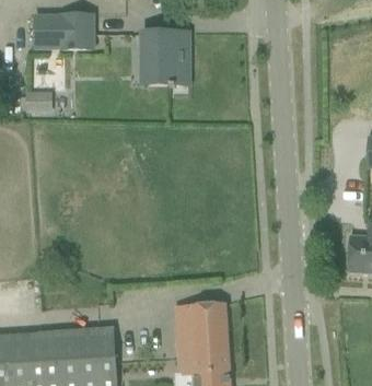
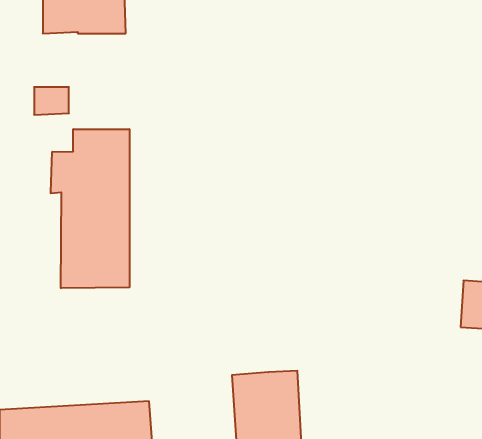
building: [141,31,188,84] -> none
building: none -> [51,129,129,288]

